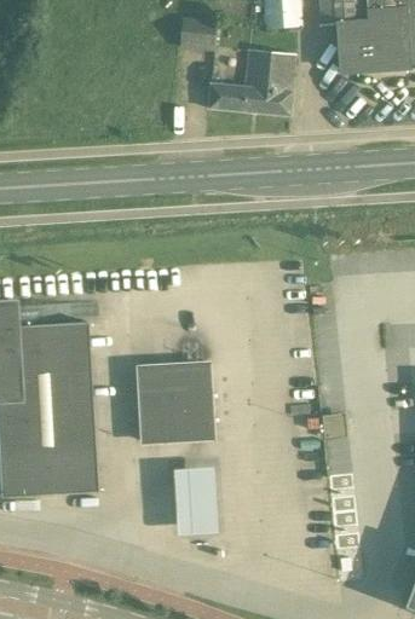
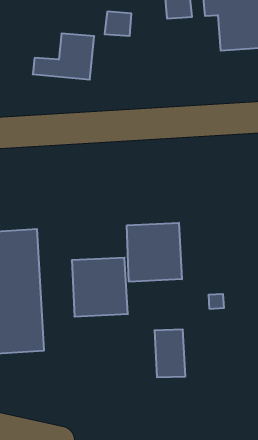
building: [209,51,295,115] -> [33,34,94,80]
building: none -> [127,223,182,282]
building: [171,467,214,533] -> [154,330,185,377]

